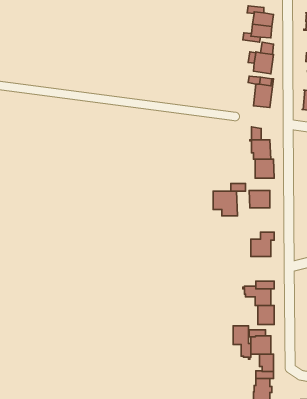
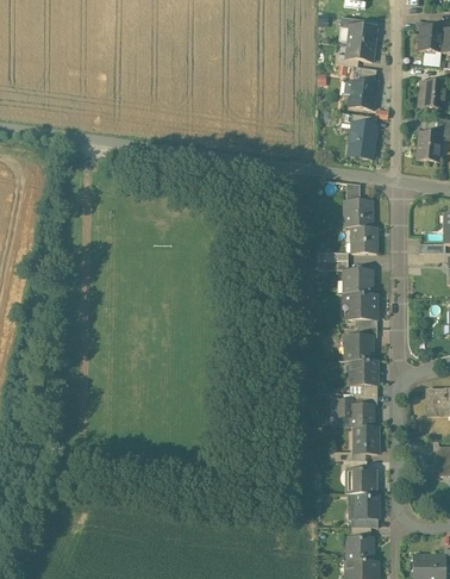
building: [213,191,237,216] -> [344,293,377,326]
building: none -> [350,360,377,385]
building: [233,326,251,359] -> none

